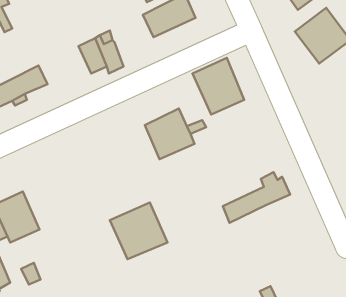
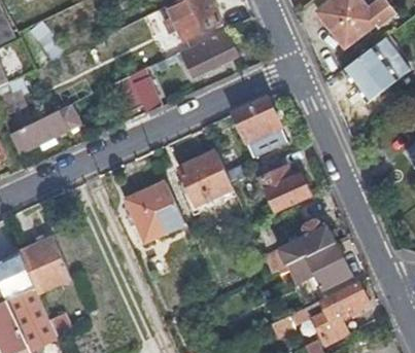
building: none -> [253,157,311,209]
building: none -> [309,240,351,285]
building: [110,202,167,259] -> [124,180,184,240]
building: none -> [272,281,369,341]

